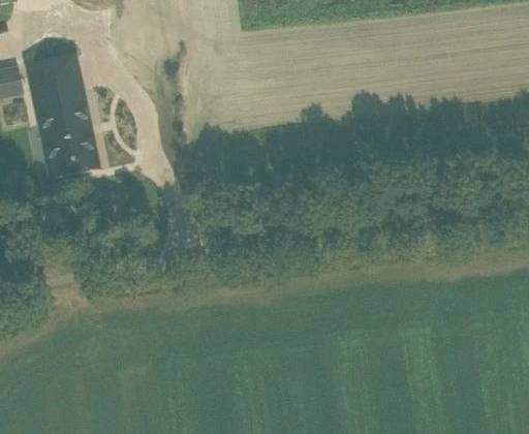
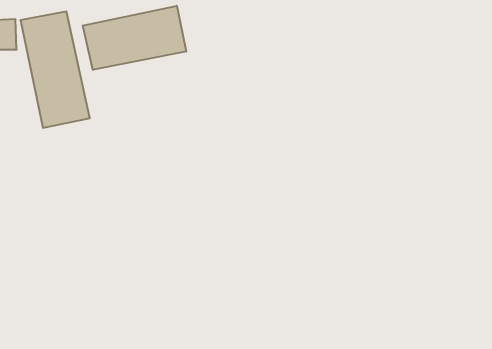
building: none -> [83,6,186,70]

